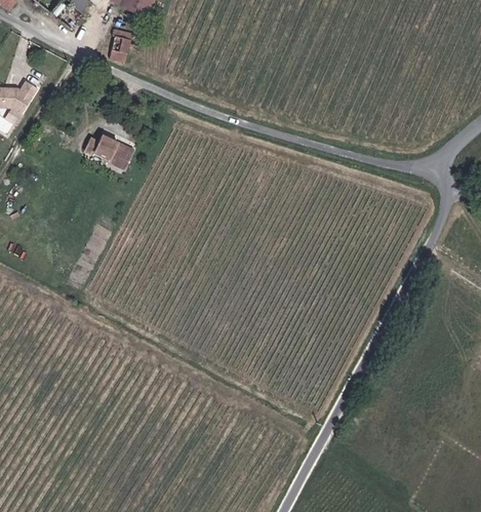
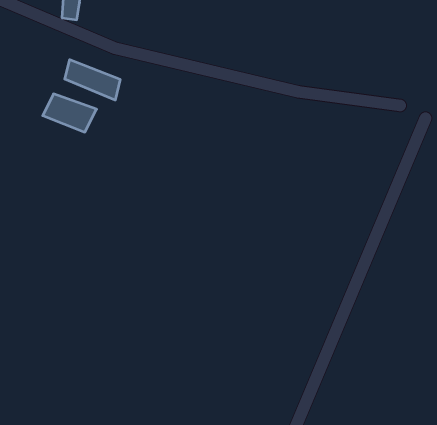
building: none -> [65,60,120,100]

